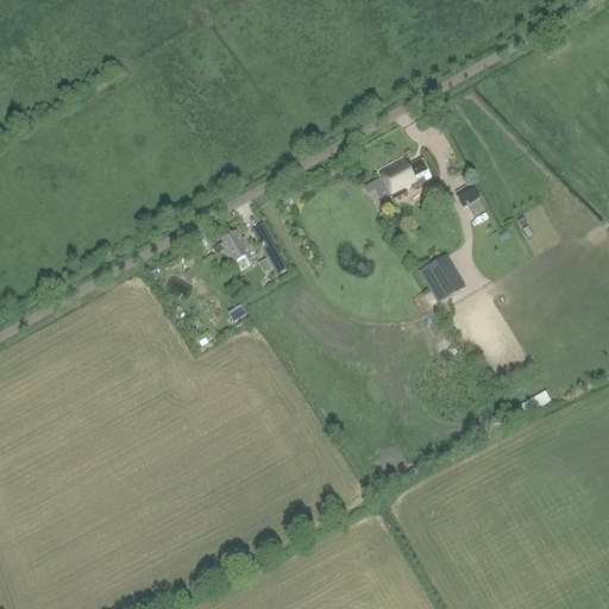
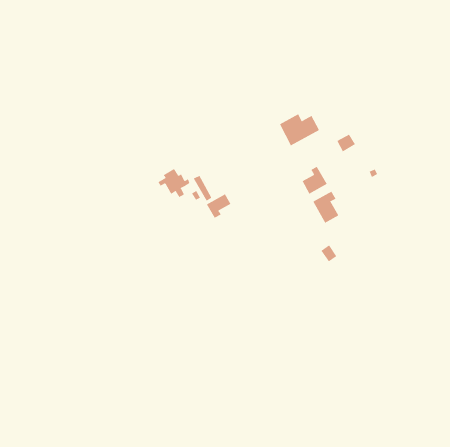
building: none -> [302,166,327,194]
building: none -> [206,193,231,219]

